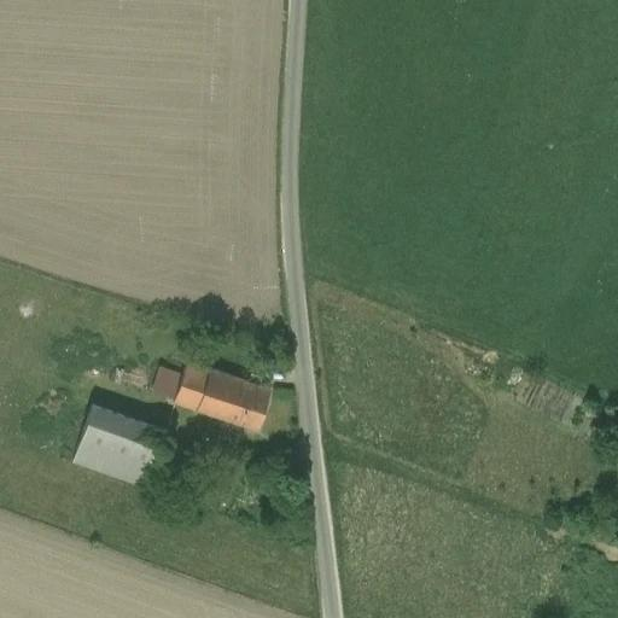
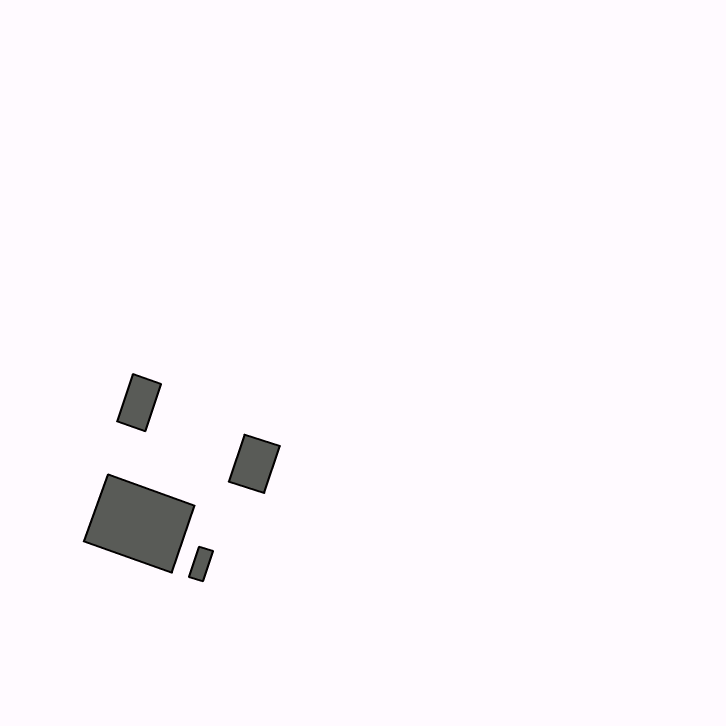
building: [170,361,208,409] -> [117,374,161,431]
building: [225,379,269,430] -> none

